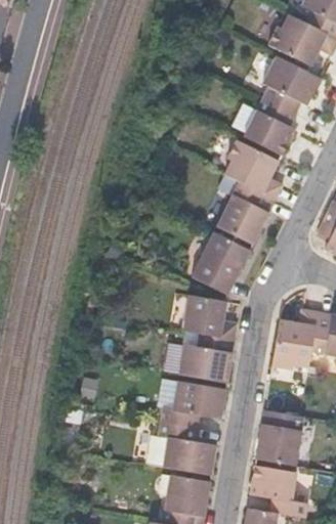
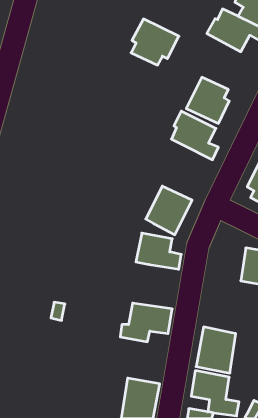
building: [262,56,322,114] -> [131,19,179,65]
building: [216,182,276,245] -> none
building: [271,308,317,369] -> none
building: [176,331,234,381] -> none
building: [159,421,216,474] -> none

